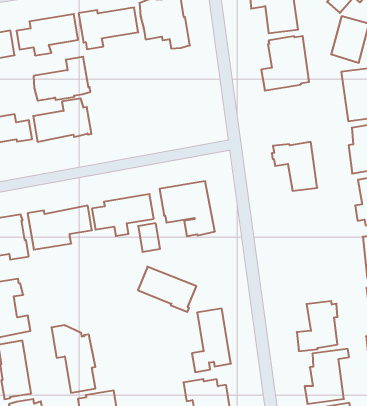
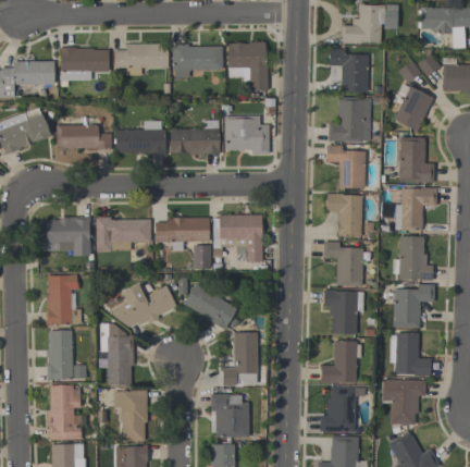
building: [34,57,90,101] -> [170,120,220,155]
building: none -> [224,115,269,153]
building: none -> [326,145,366,188]
building: none -> [323,241,362,285]
building: none -> [323,290,364,334]
building: none -> [111,284,176,327]

